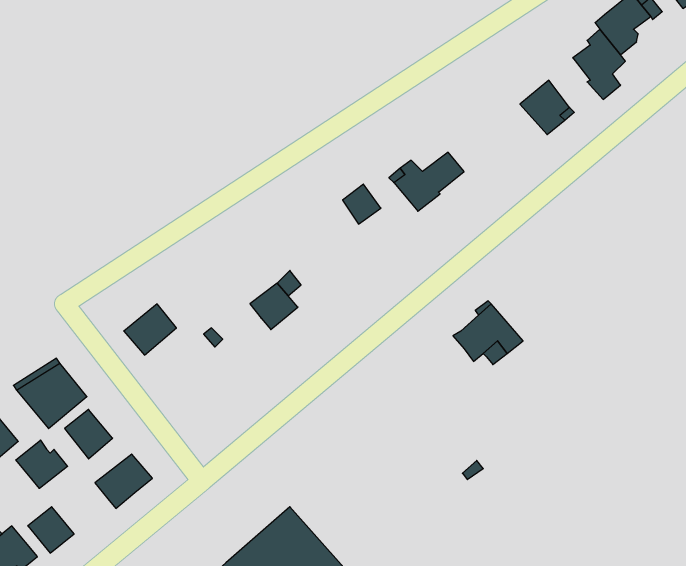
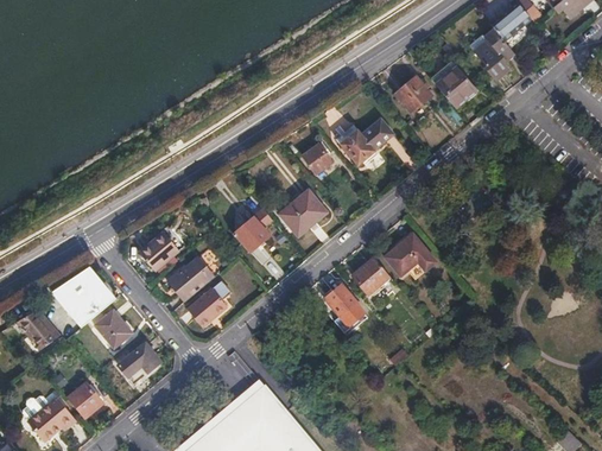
building: none -> [394,76,430,113]
building: none -> [284,190,324,235]
building: none -> [353,256,392,292]
building: none -> [166,259,209,301]
building: none -> [194,275,237,322]
building: none -> [324,284,363,330]
building: [16,440,68,488] -> none

